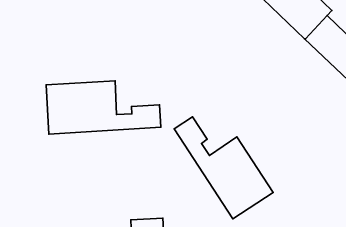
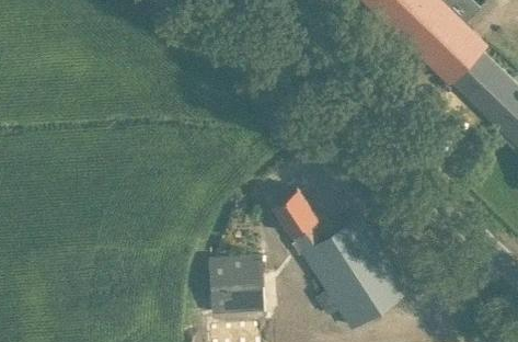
building: [46,81,161,134] -> none
building: none -> [211,256,265,315]

